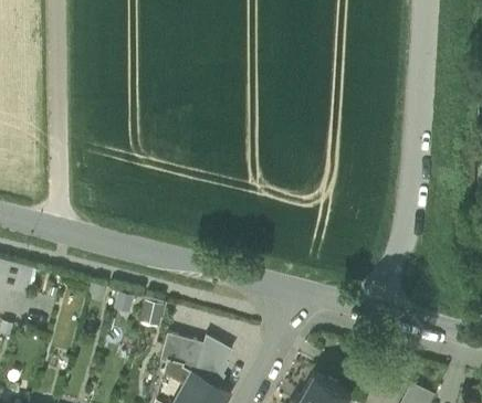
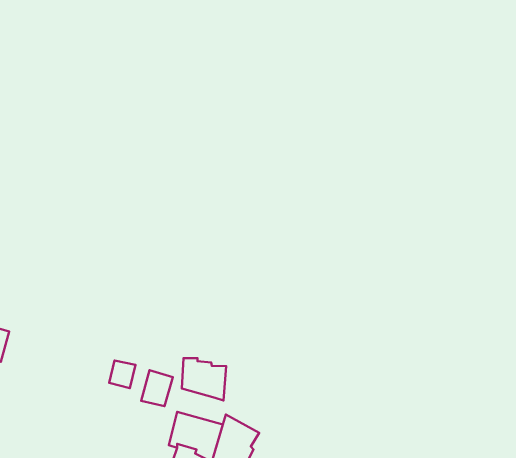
building: none -> [182,358,226,400]

